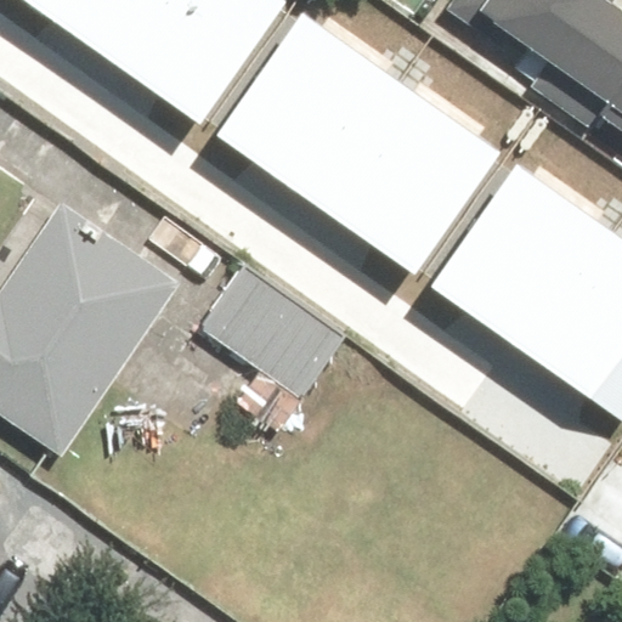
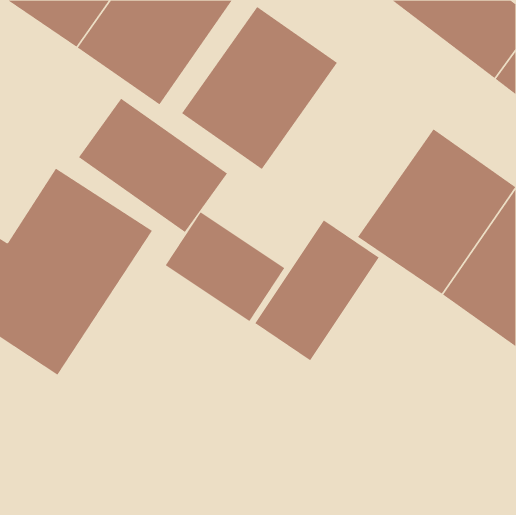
building: [315,78,503,275] -> none
building: none -> [78,98,228,233]
building: none -> [254,220,379,361]

